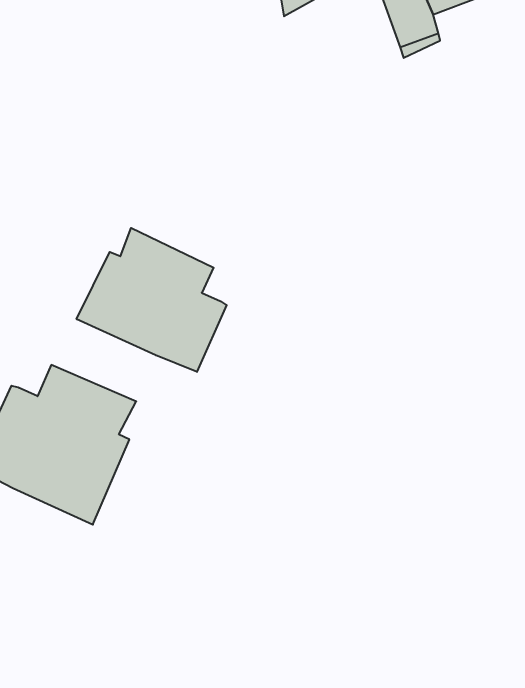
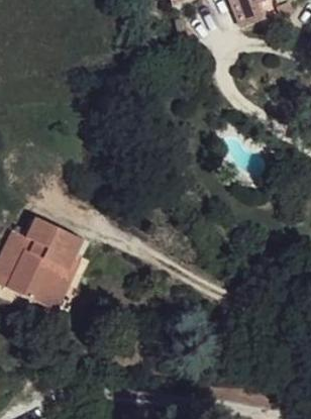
building: [77,228,227,372] -> none

